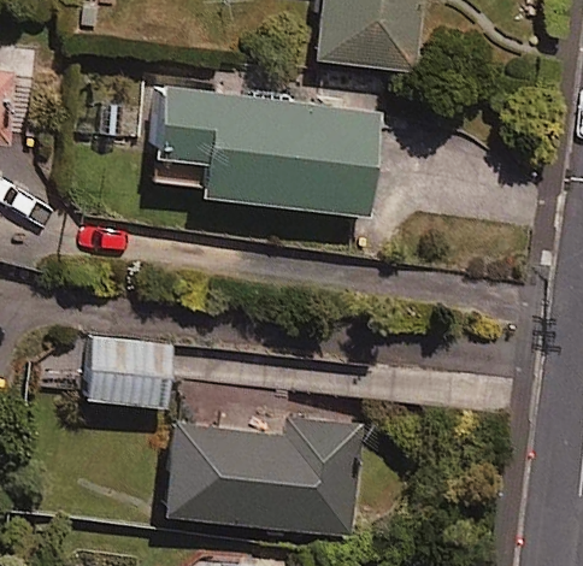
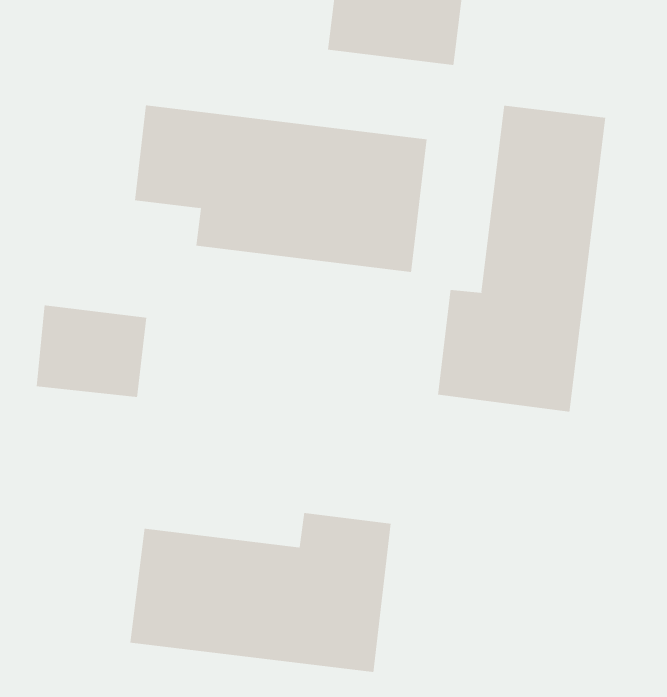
building: none -> [437,105,606,412]
building: [84,331,170,402] -> [36,305,147,398]

